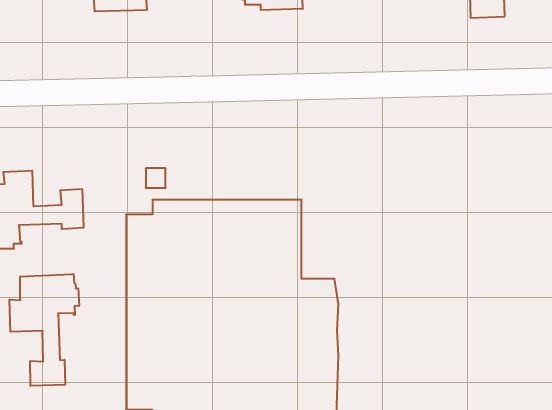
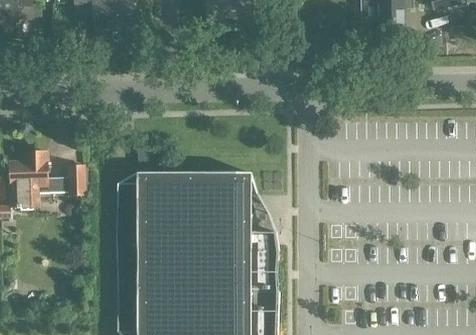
building: [10,274,79,386] -> none

